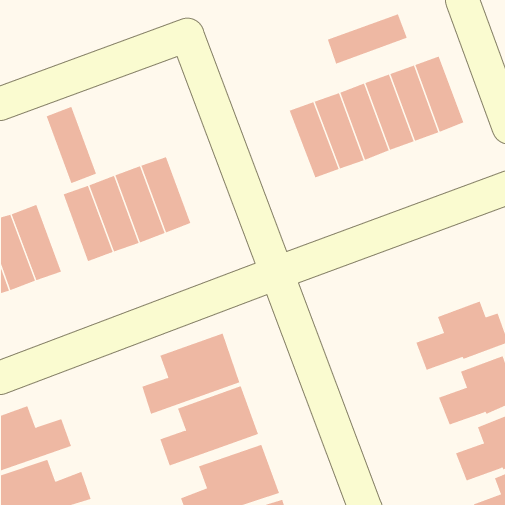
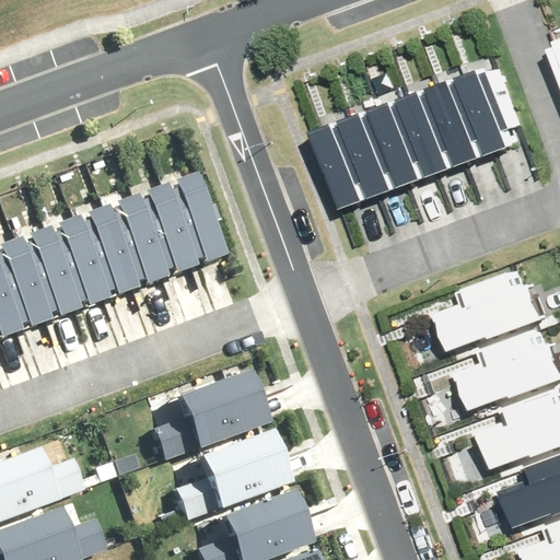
building: [327,13,407,65] -> none
building: [46,106,97,184] -> [45,218,101,303]
building: none -> [438,282,539,359]

